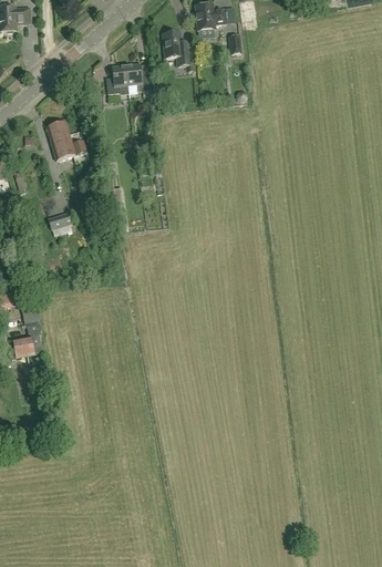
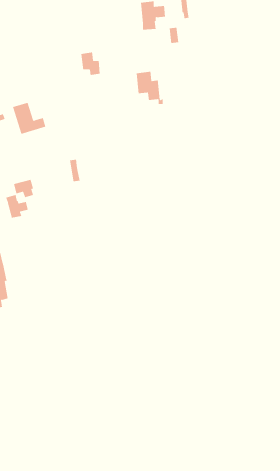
building: [163,30,195,69] -> [136,71,163,104]
building: [106,64,128,92] -> none
building: none -> [5,194,28,219]

